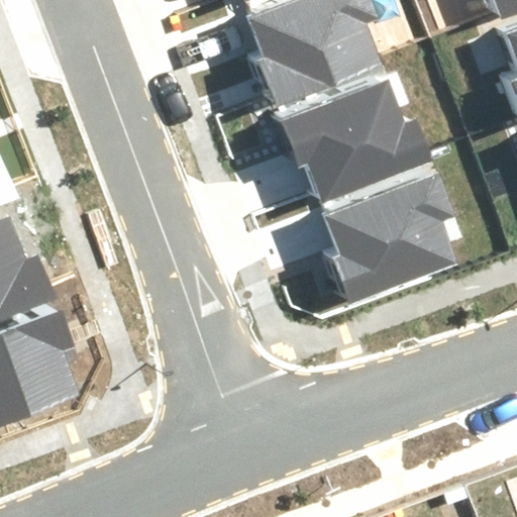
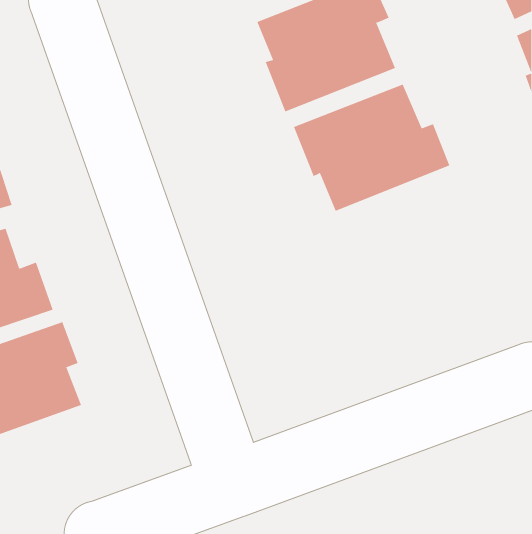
building: [323,172,456,303] -> none

